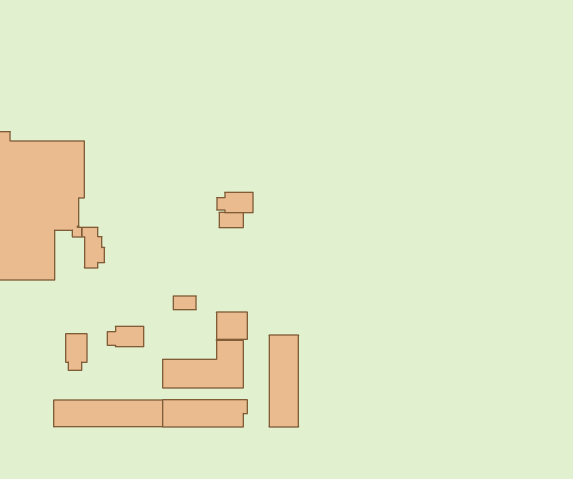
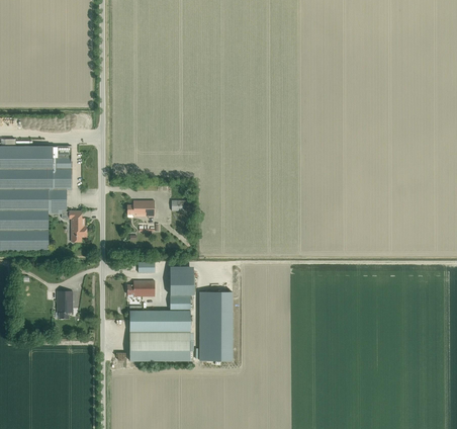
building: [217,192,253,213] -> [125,200,153,216]
building: [107,326,144,347] -> [126,280,154,295]
building: [54,400,162,427] -> none

